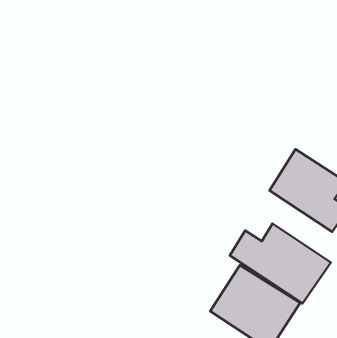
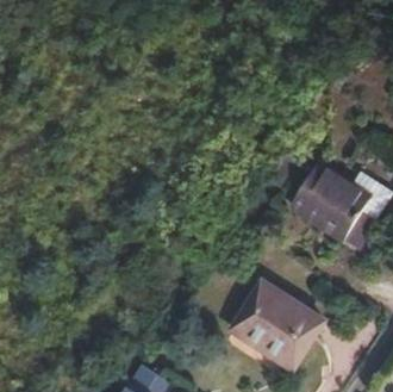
building: [230,224,331,304] -> none

